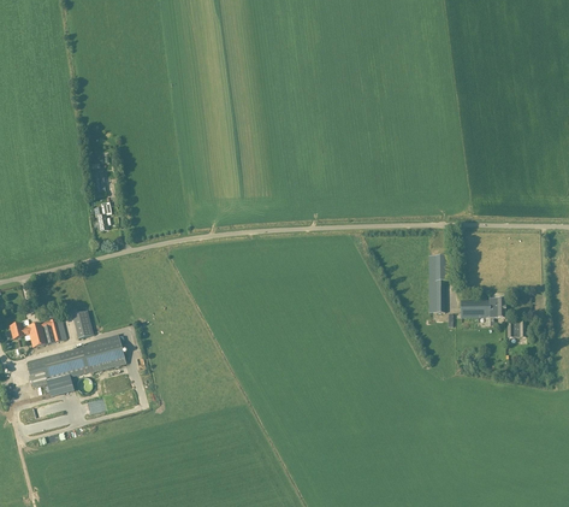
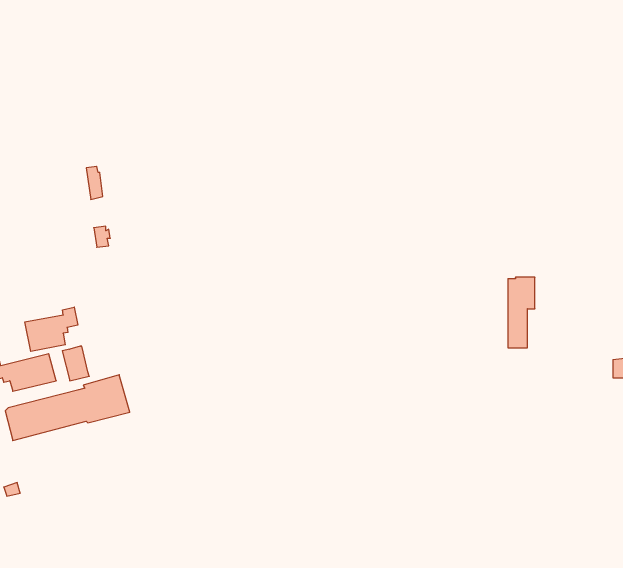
building: none -> [25,307,78,351]
building: [460,299,504,325] -> none

